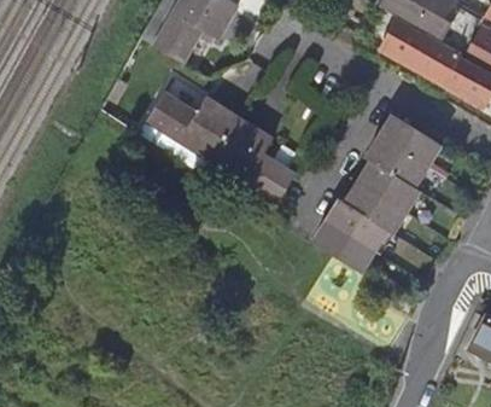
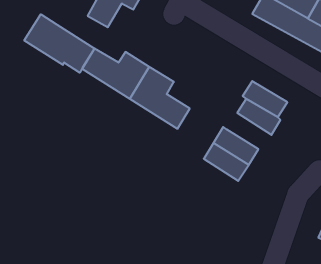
building: none -> [24,14,95,73]
building: [380,112,442,164] -> none
building: [345,179,407,232] -> none

